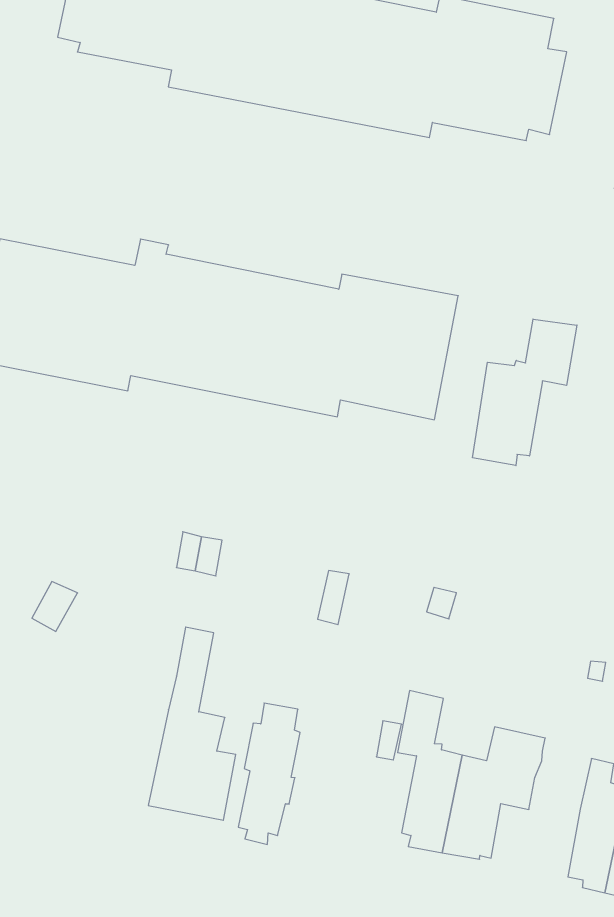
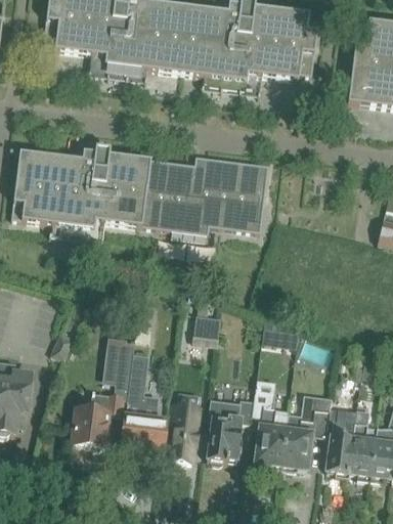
building: [473,319,577,466] -> none
building: none -> [71,339,135,448]
building: none -> [207,398,241,464]
building: none -> [326,406,353,473]

